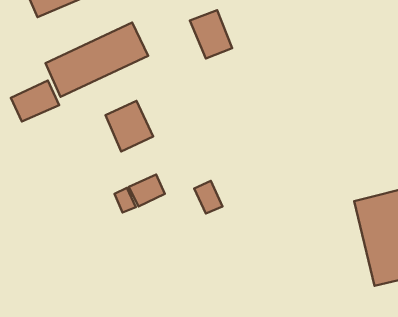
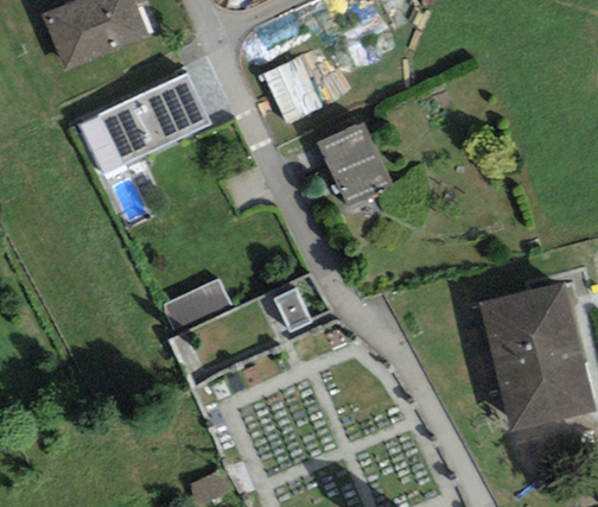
building: none -> [312,122,390,209]
building: [11,81,59,122] -> none
building: [105,101,153,152] -> none

